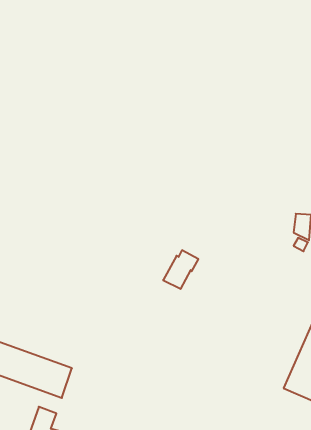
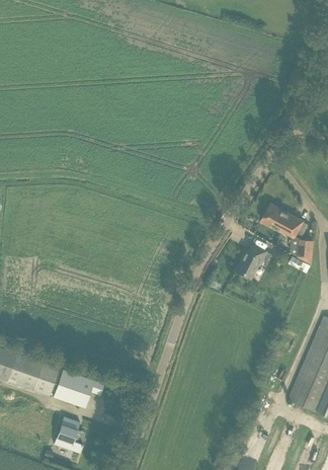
building: none -> [260,203,302,236]
building: [163,250,198,289] -> [235,243,267,279]

